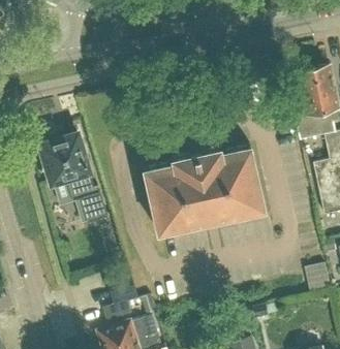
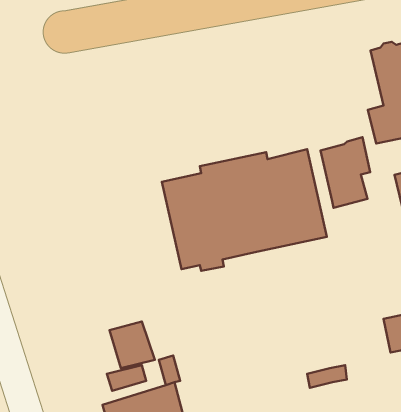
building: [39,134,105,223] -> none
building: none -> [320,137,370,208]

